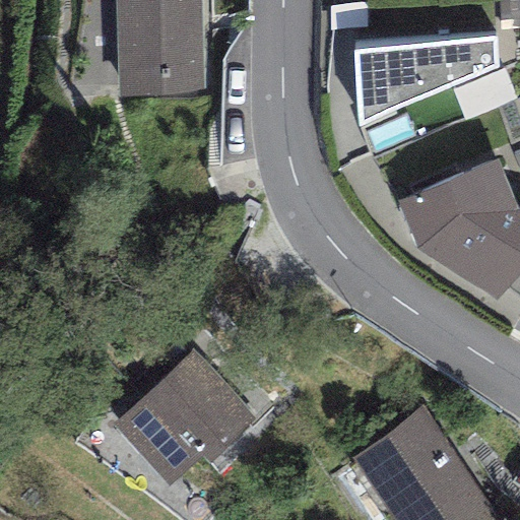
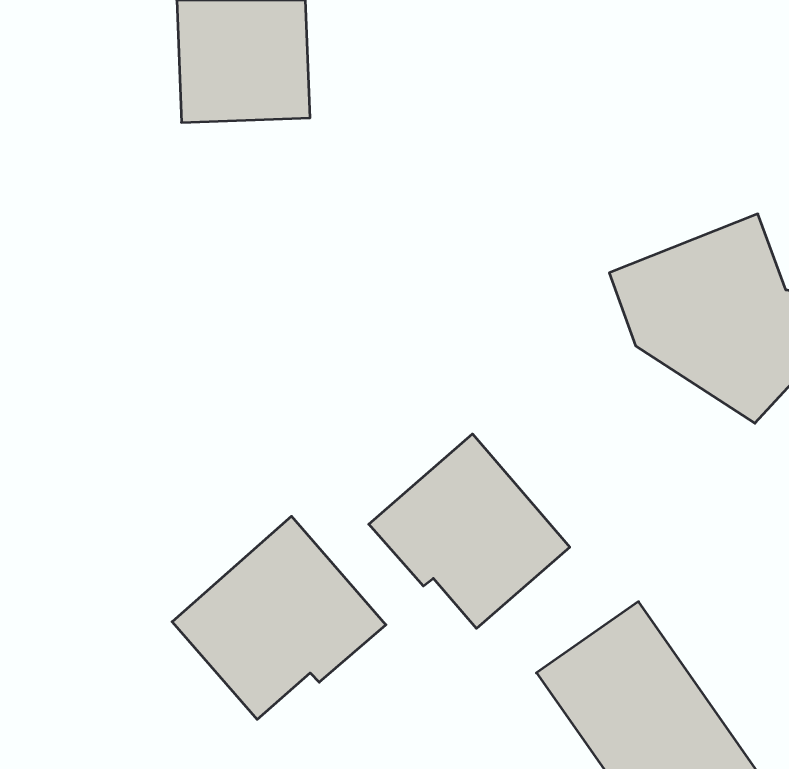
building: [356,40,497,122] -> none
building: none -> [369,434,570,628]

